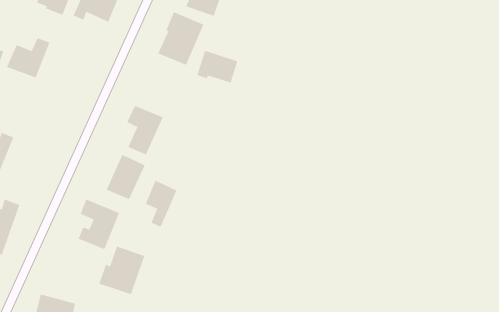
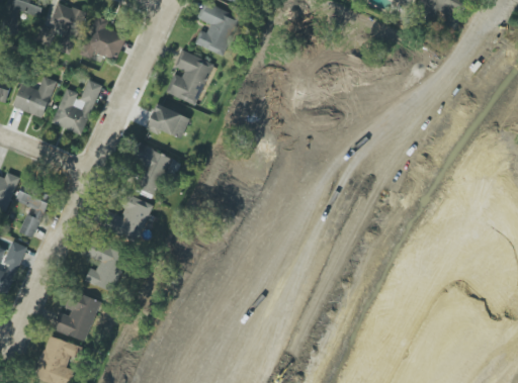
building: none -> [52,79,102,134]
building: [196,50,238,83] -> [148,104,190,137]
building: none -> [16,183,52,237]
building: [145,180,177,228] -> none
building: [99,246,145,295] -> [53,291,100,341]

